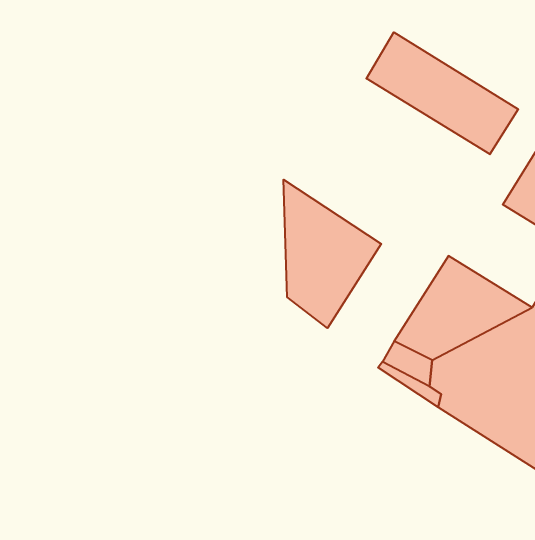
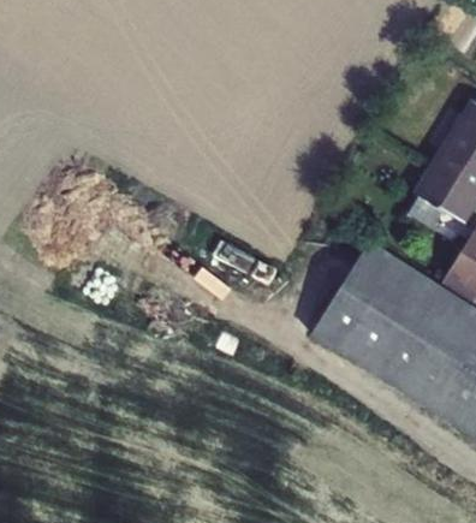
building: [366,32,518,154] -> none
building: [283,180,381,328] -> none

